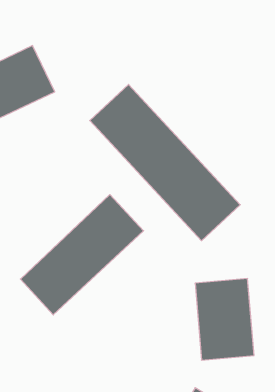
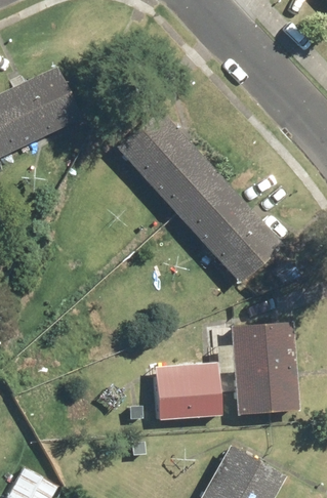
building: [20,195,144,315] -> none
building: none -> [159,364,222,420]

